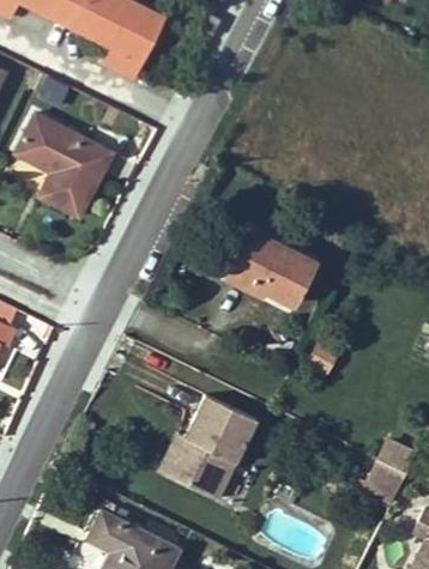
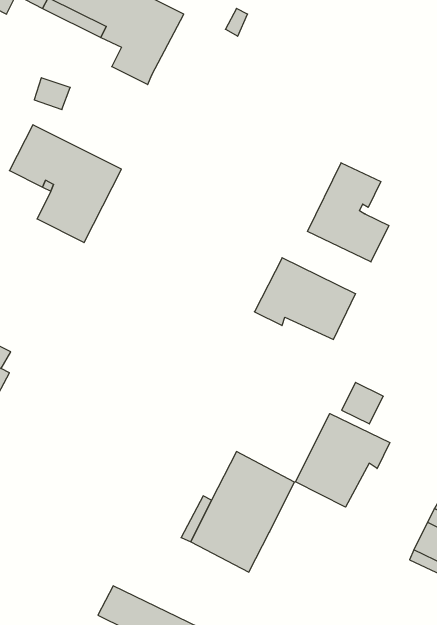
building: none -> [307,163,389,262]
building: none -> [296,414,390,507]

